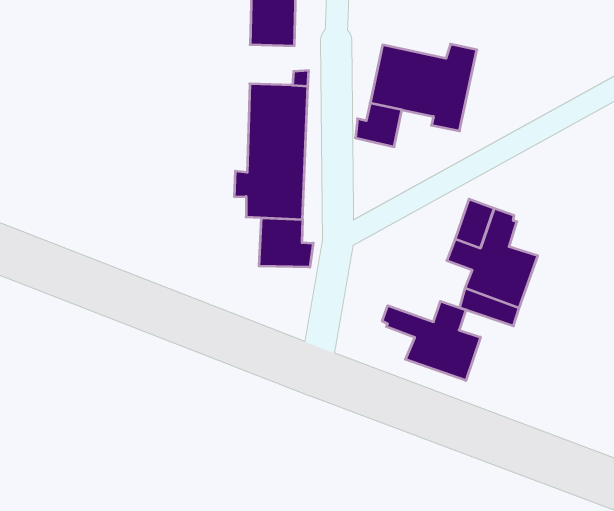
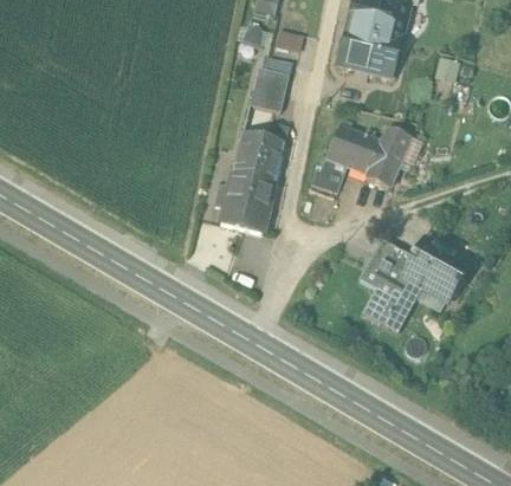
building: none -> [406,238,472,299]
building: [259,218,313,267] -> none
building: [382,301,480,381] -> none

